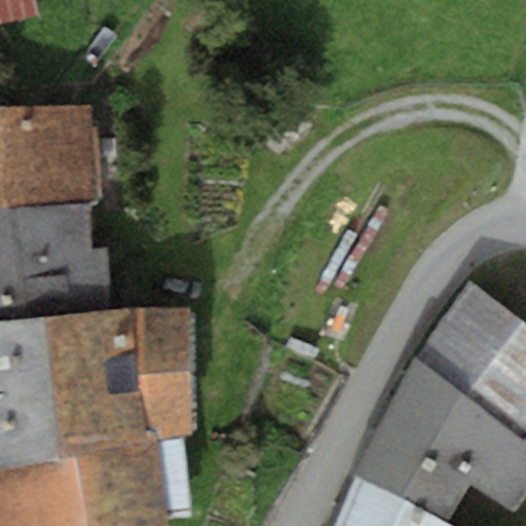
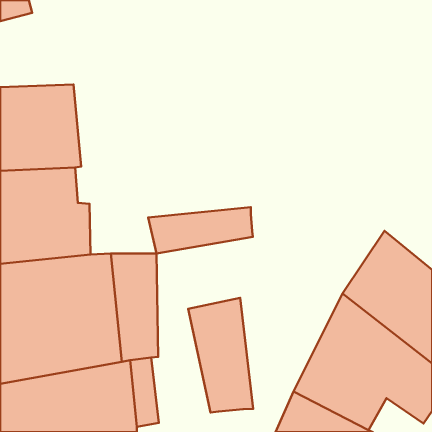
building: none -> [148,207,253,254]
building: none -> [188,298,253,412]

